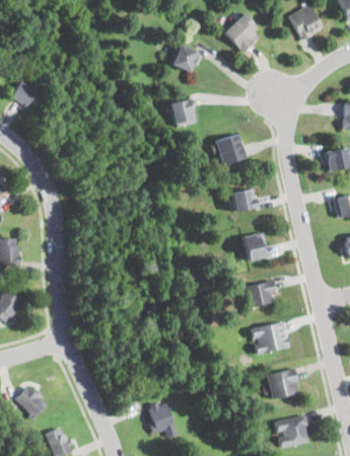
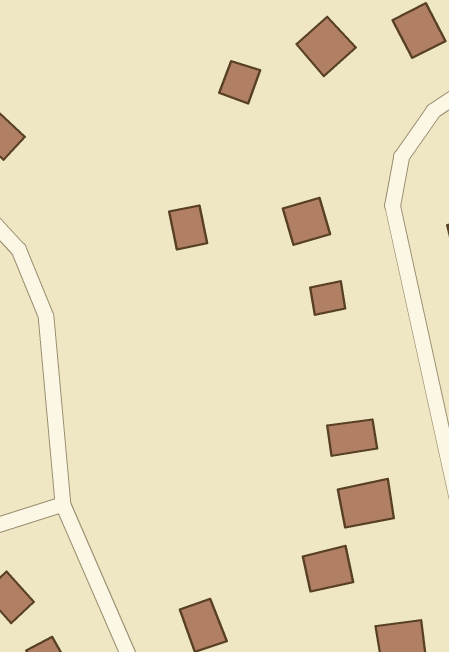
building: [170,97,196,127] -> [169,205,207,249]
building: [242,235,269,262] -> none
building: [266,369,299,399] -> [303,546,353,591]

